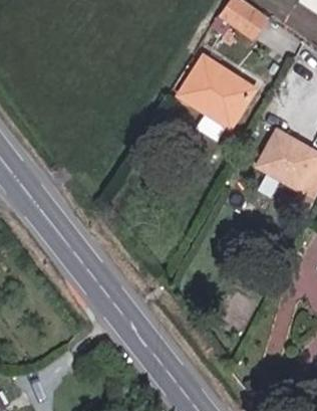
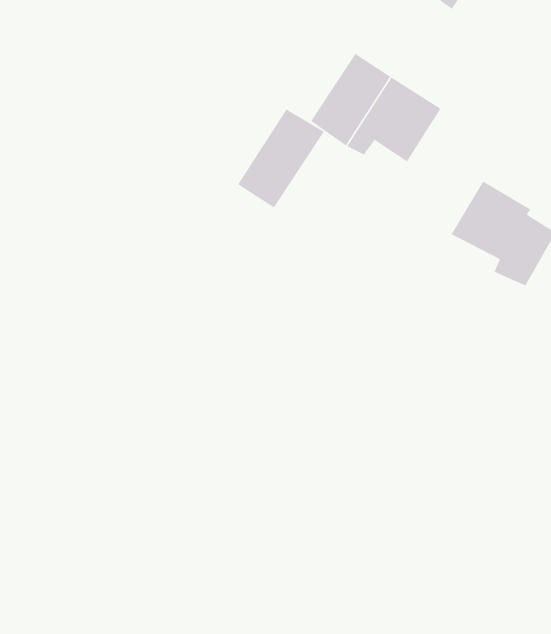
building: none -> [237,108,325,208]

